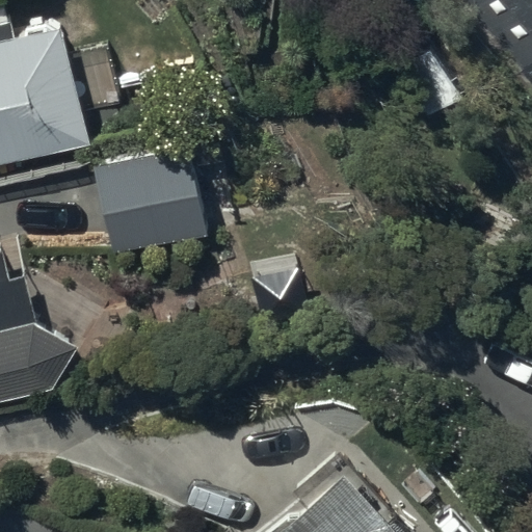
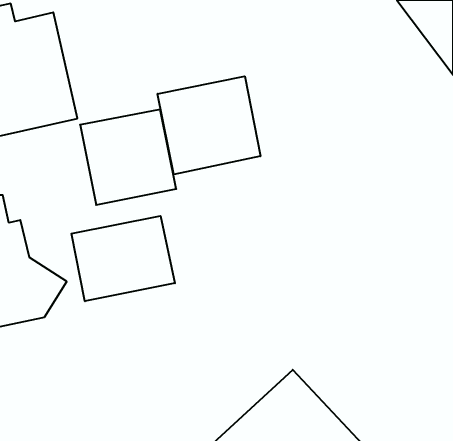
building: none -> [158,76,260,174]
building: none -> [71,216,175,301]

